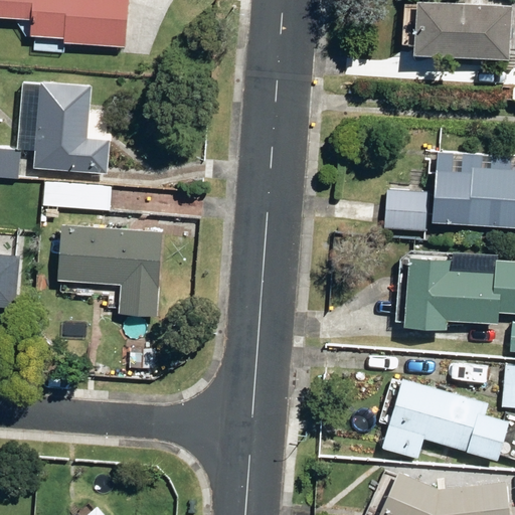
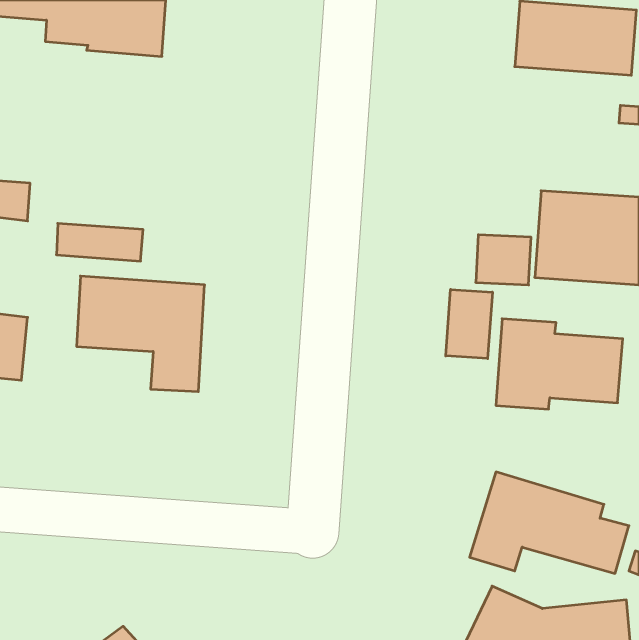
building: [38,79,113,172] -> none
building: none -> [446,289,492,359]

